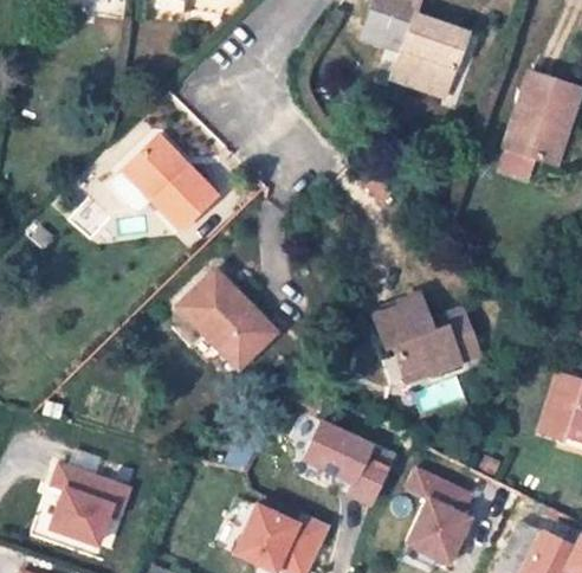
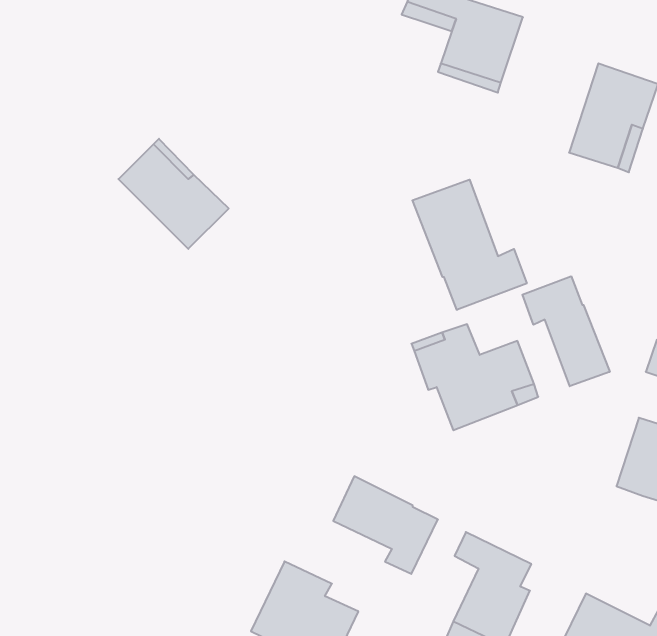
building: none -> [412,180,527,310]
building: none -> [522,276,610,386]
building: [177,269,280,366] -> none
building: [52,465,129,545] -> none

